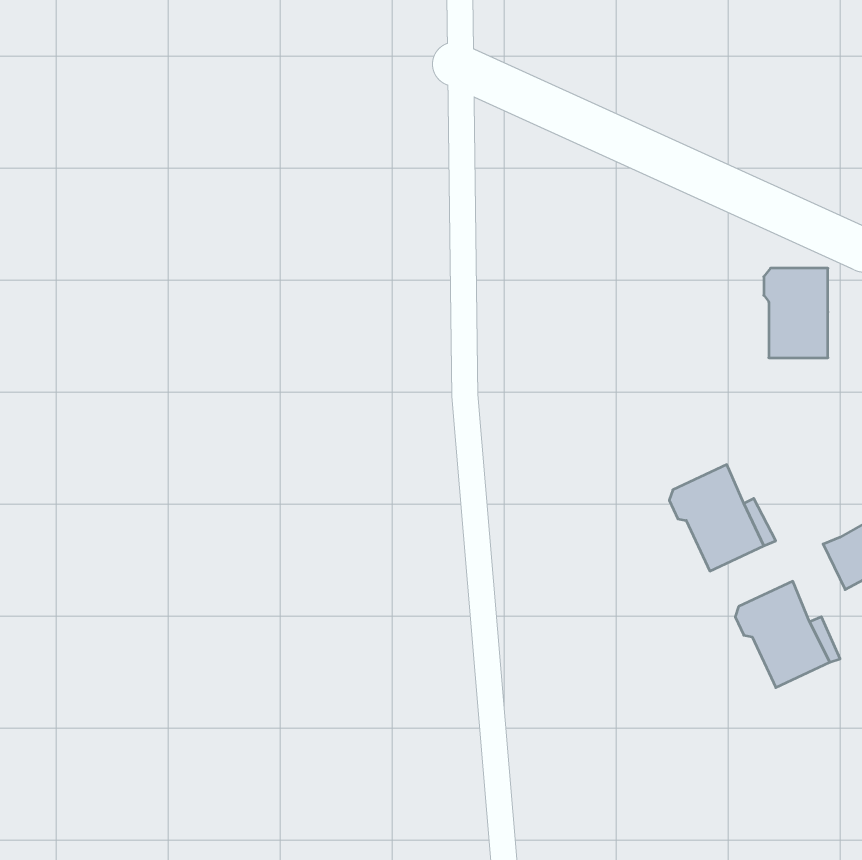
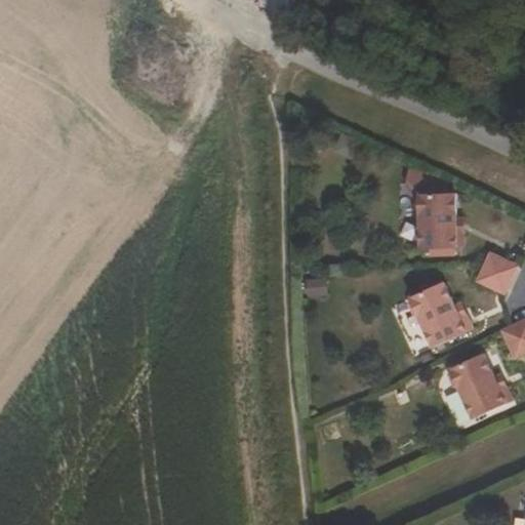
building: [764,268,828,358] -> [415,193,454,247]
building: none -> [478,253,518,294]

